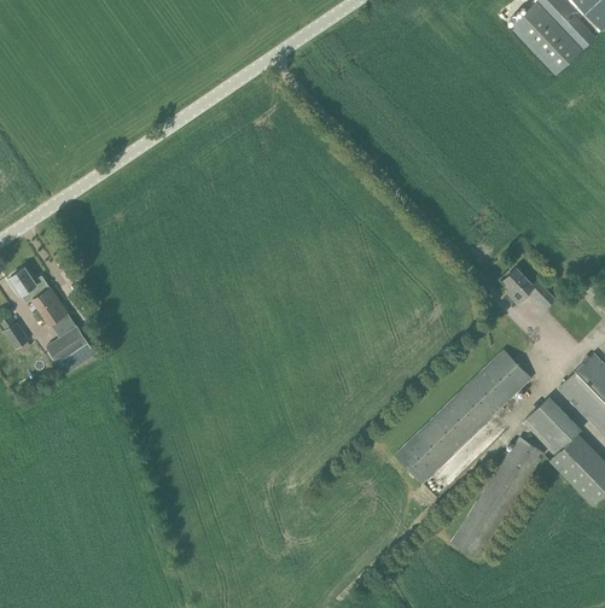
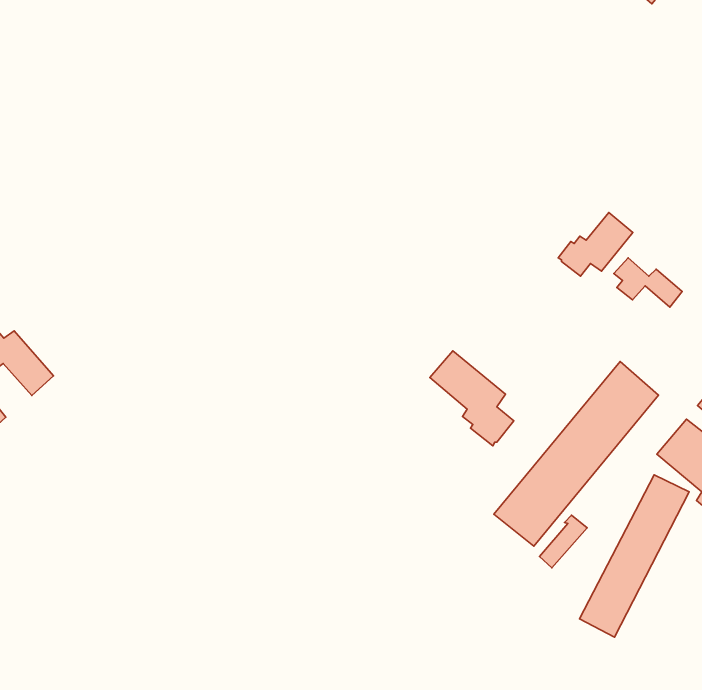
building: none -> [558,213,633,276]
building: none -> [430,351,514,446]
building: [48,326,91,364] -> none

